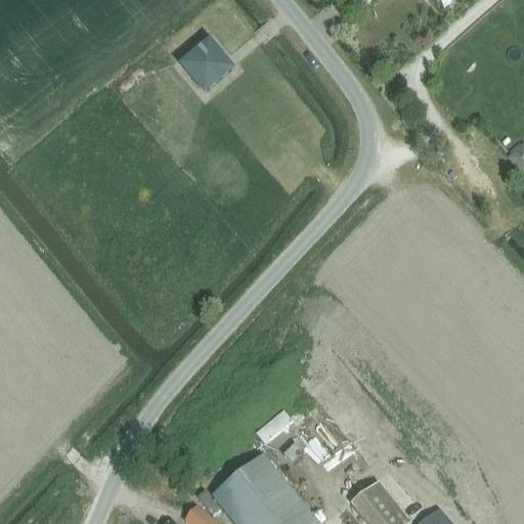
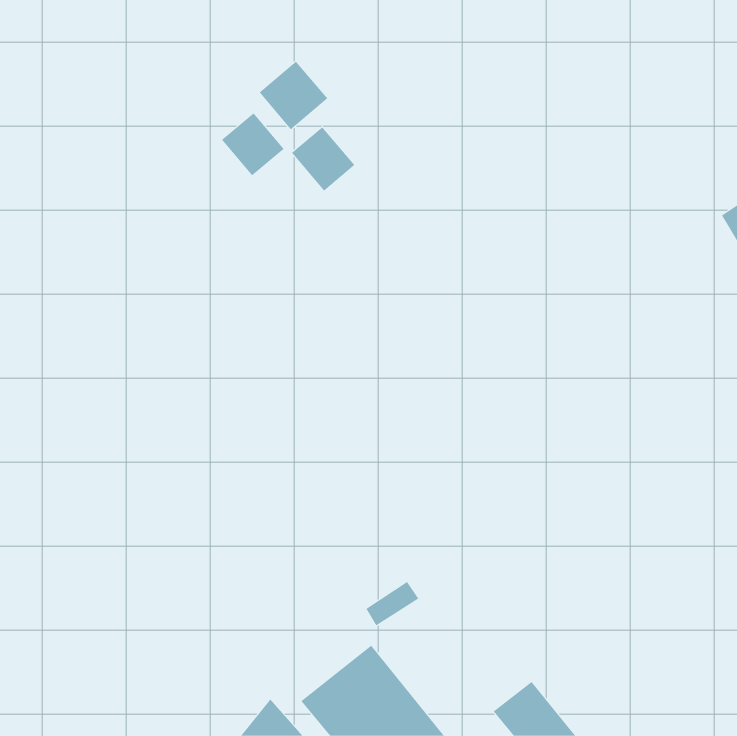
building: none -> [221,112,284,176]
building: none -> [291,126,355,191]

